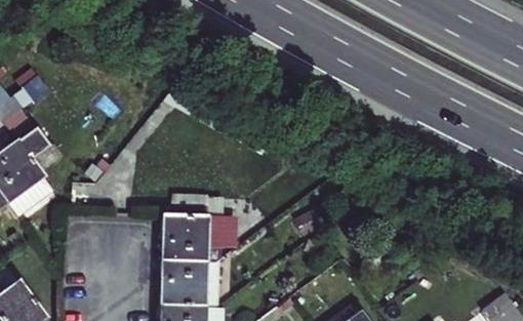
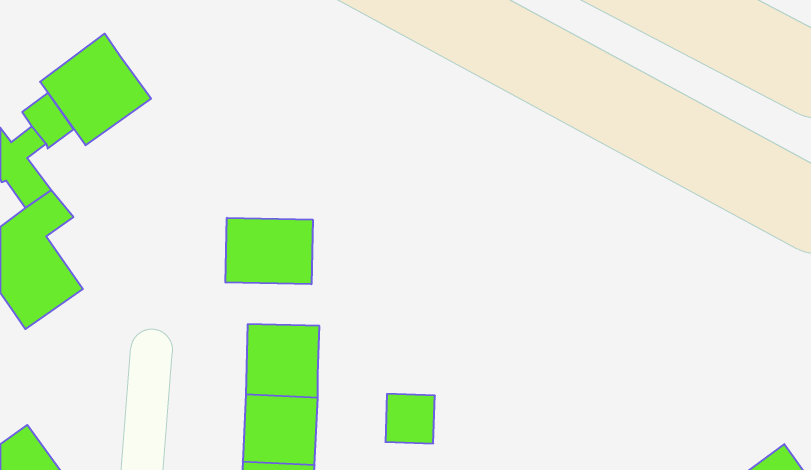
building: none -> [40,34,151,145]
building: none -> [226,218,313,284]
building: [206,215,238,247] -> [385,394,435,443]

